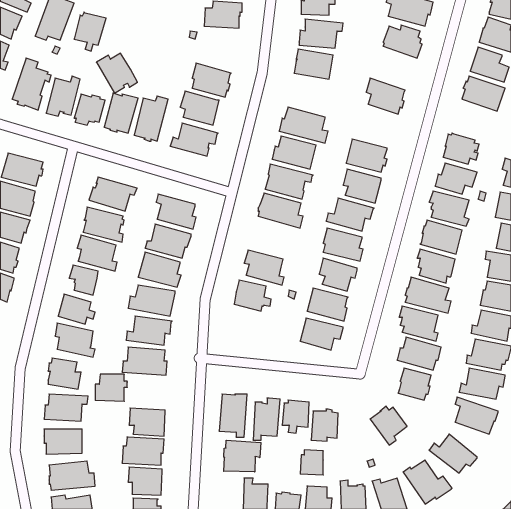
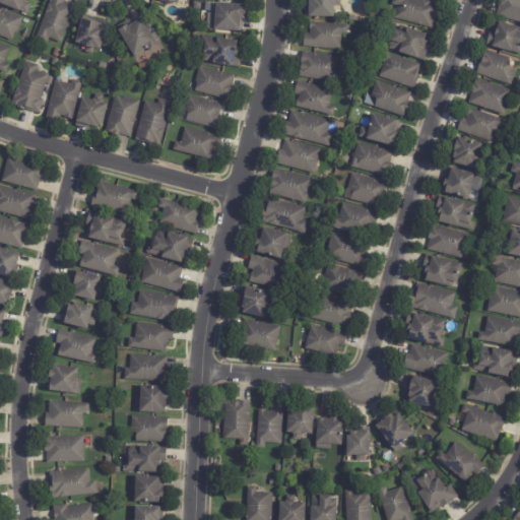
building: none -> [201,32,241,64]
building: none -> [380,49,421,87]
building: [96,53,137,93] -> [117,15,158,56]
building: none -> [294,79,335,114]
building: none -> [458,107,507,140]
building: none -> [359,112,400,145]
building: none -> [254,225,292,257]
building: none -> [239,317,280,350]
building: [95,374,127,401] -> [136,385,169,412]
building: [224,440,261,472] -> none
building: [300,450,323,475] -> [346,430,370,455]

